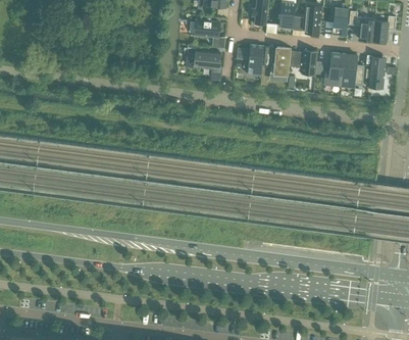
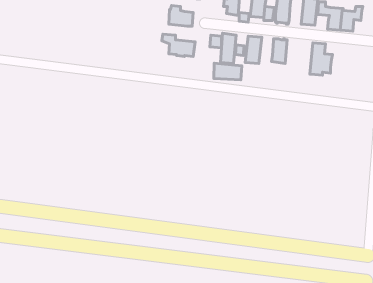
building: [324,53,344,88] -> none
building: [368,58,385,90] -> none
building: none -> [214,63,242,80]

